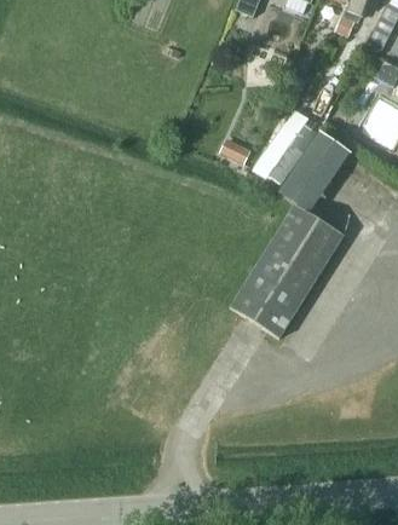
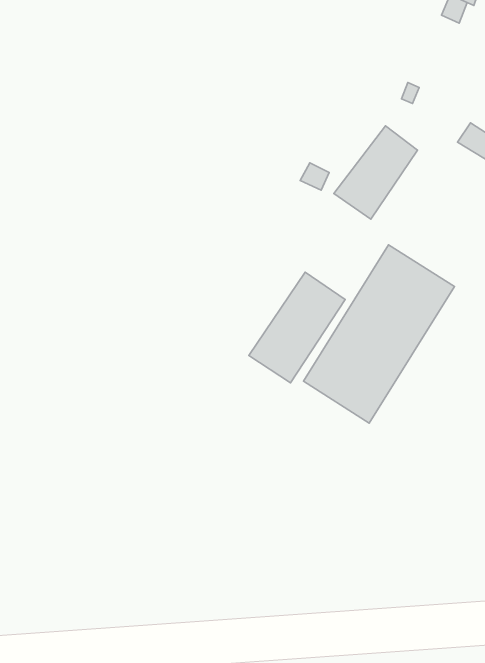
building: [278,129,351,213] -> [249,272,345,383]

